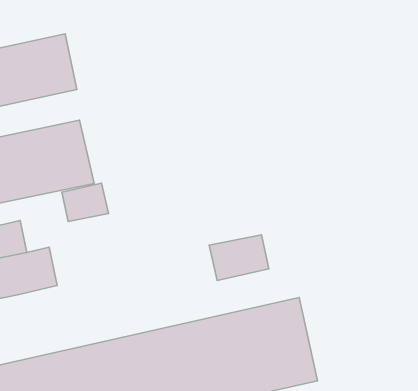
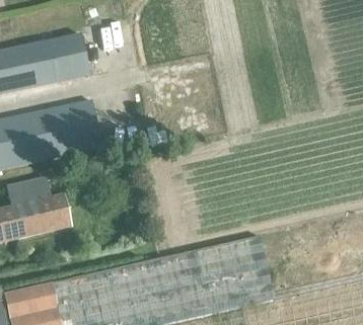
building: [62,183,108,221] -> none
building: [209,235,269,281] -> none

